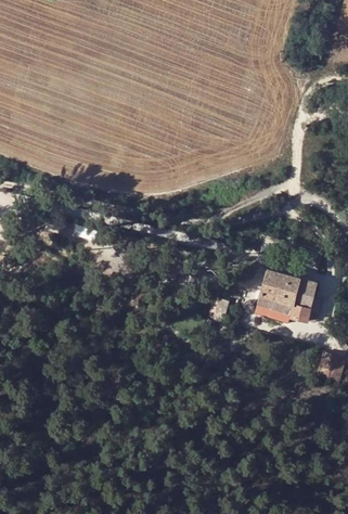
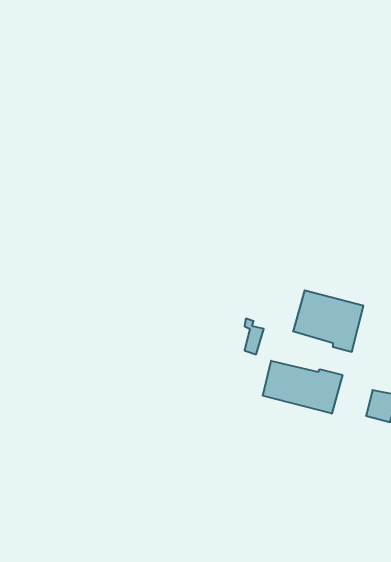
building: none -> [263,361,342,414]

